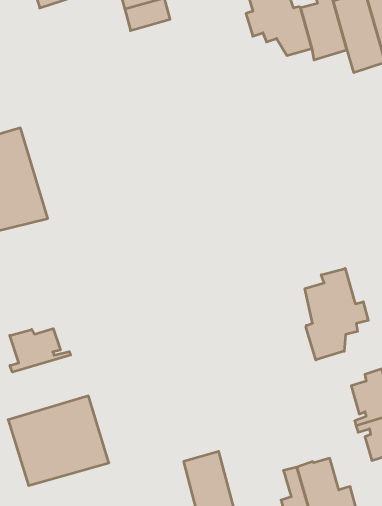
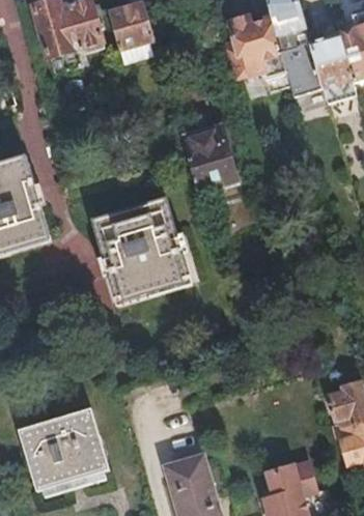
building: none -> [184,123,239,194]
building: none -> [94,202,191,302]
building: [305,268,368,360] -> none
building: [10,329,71,372] -> none

